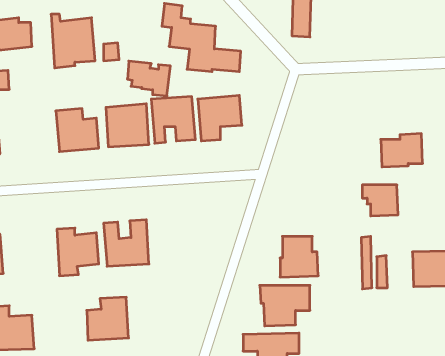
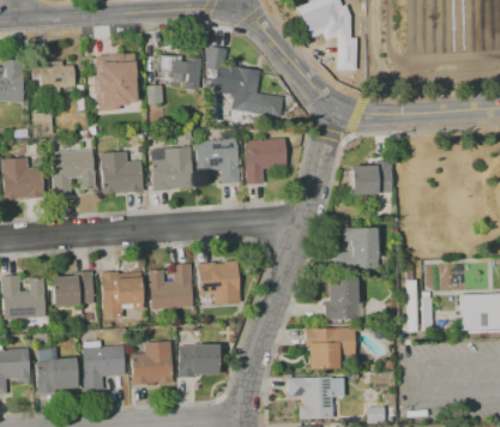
building: [127,61,170,96] -> [158,54,201,89]
building: none -> [50,150,96,193]
building: [381,134,423,167] -> [351,161,393,194]
building: [362,185,398,216] -> [343,228,379,259]
building: none -> [198,260,240,305]
building: none -> [52,271,95,306]
building: none -> [82,344,125,387]
building: none -> [177,344,218,377]

